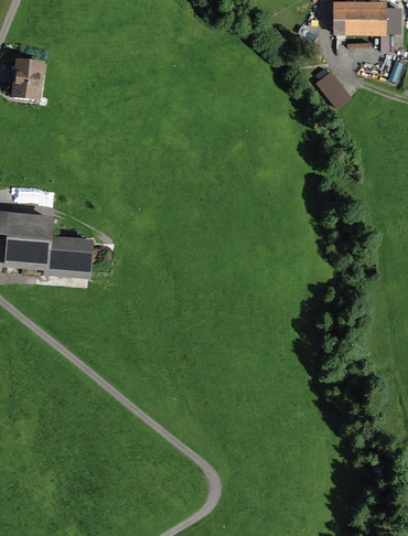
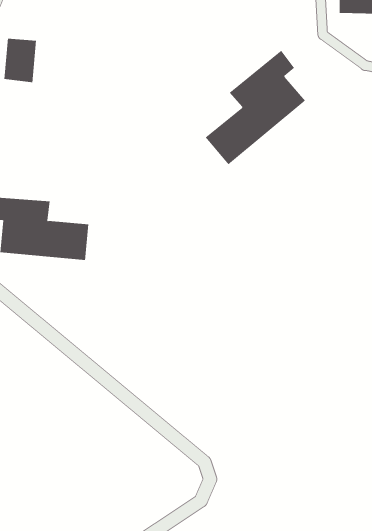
building: [311,68,347,107] -> none
building: none -> [205,50,306,165]

